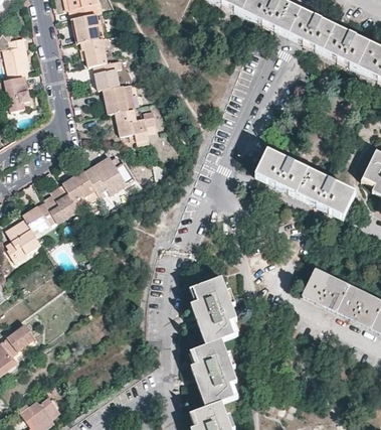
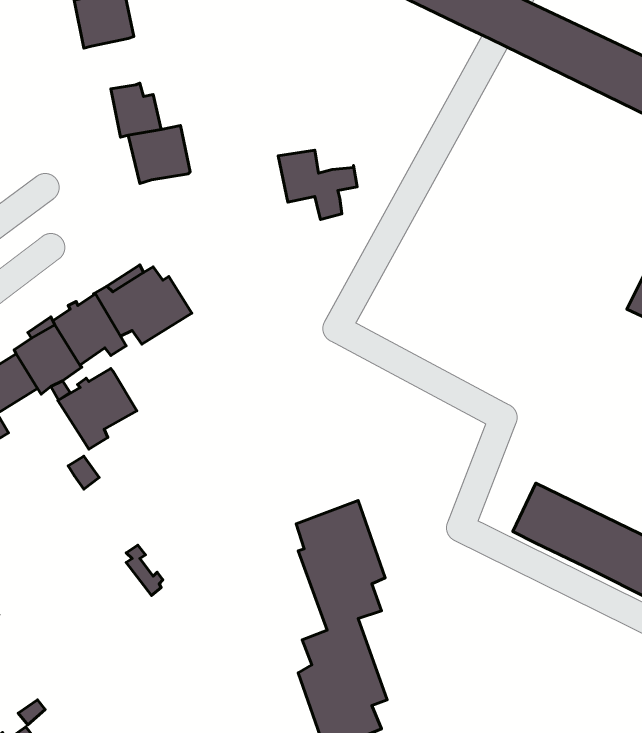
building: [83,37,110,65] -> none
building: [115,108,156,144] -> [278,150,357,220]
building: [255,151,355,219] -> none
building: none -> [58,369,137,449]

